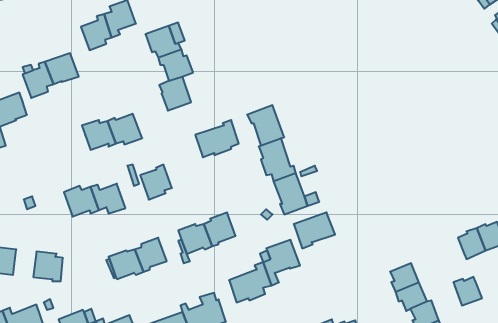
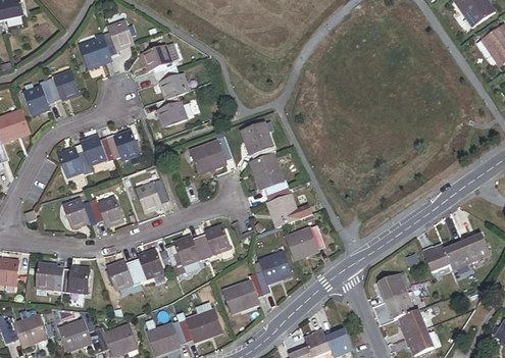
building: none -> [58,148,93,177]
building: none -> [61,266,90,294]
building: [453,277,482,306] -> [422,245,450,272]

